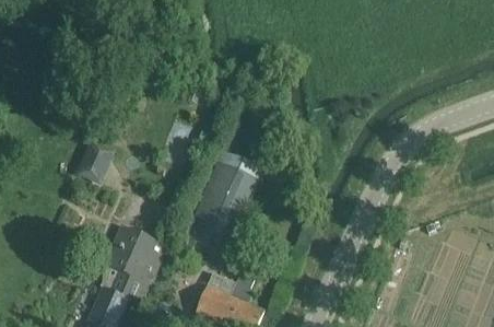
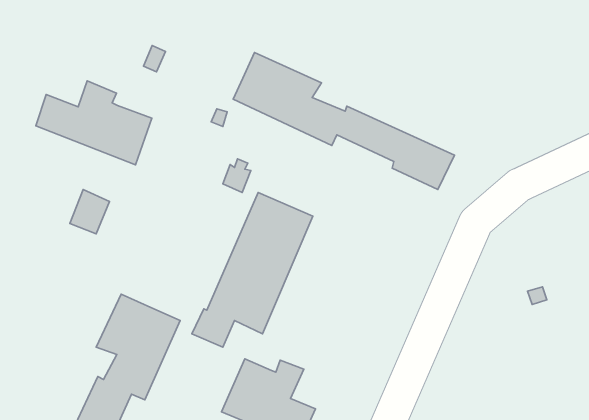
building: none -> [233,52,454,190]
building: none -> [36,81,152,165]

